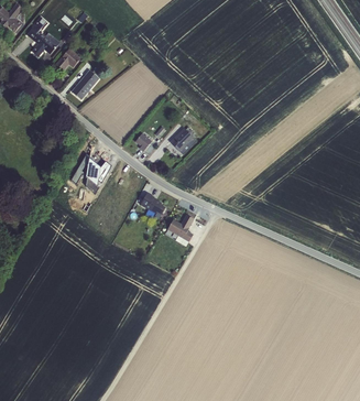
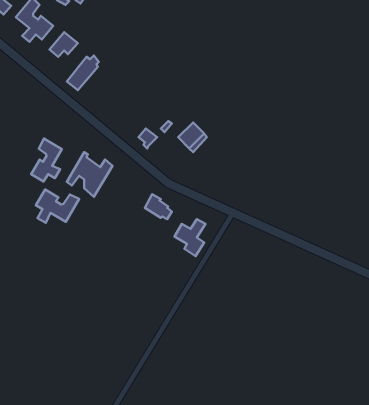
building: none -> [31,138,62,182]
building: none -> [36,189,79,223]

